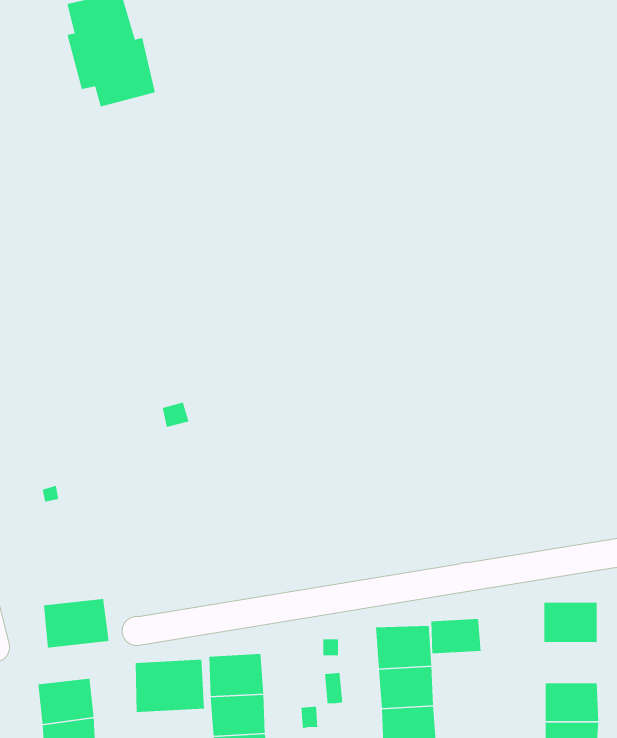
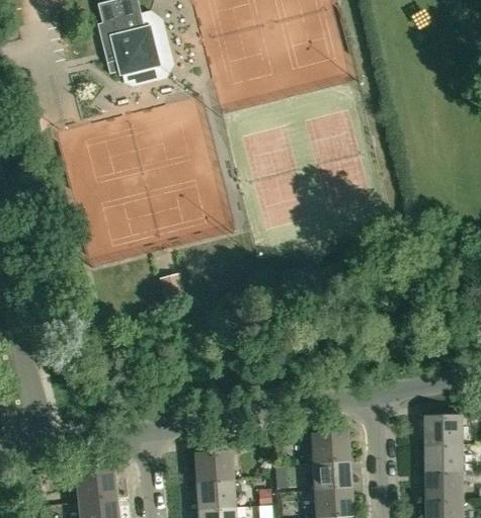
building: [43,598,109,649] -> none
building: [430,618,481,654] -> none
building: none -> [426,446,464,473]
building: [135,659,205,713] -> none

